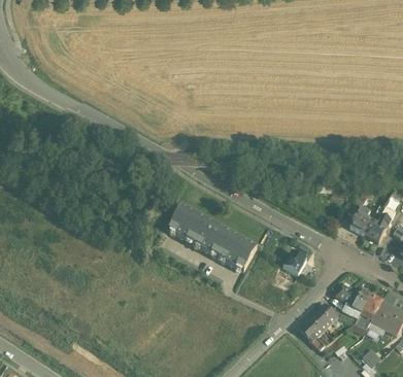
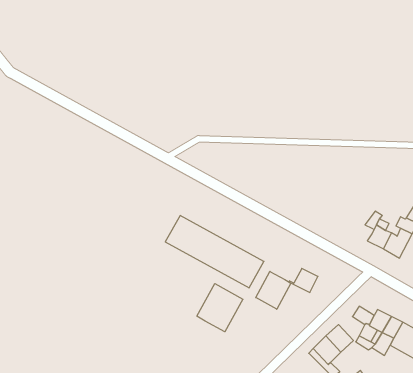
building: none -> [256,271,291,309]
building: none -> [197,284,243,332]

